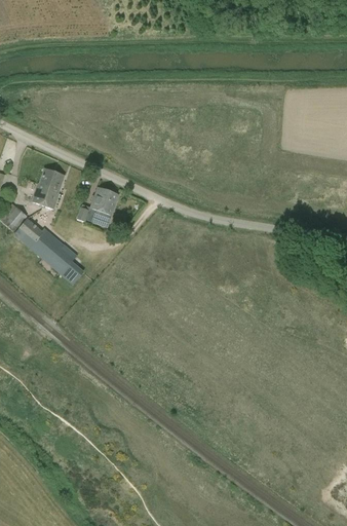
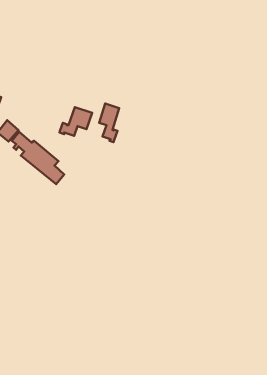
building: [32,168,64,209] -> none
building: none -> [99,104,119,142]

